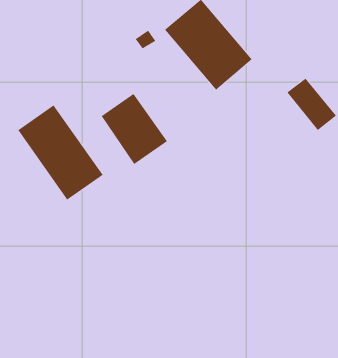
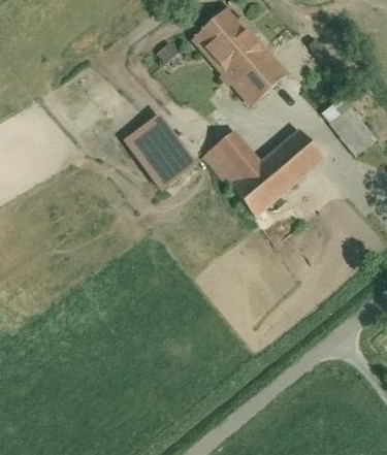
building: [17,104,103,201] -> none
building: none -> [205,126,327,224]

